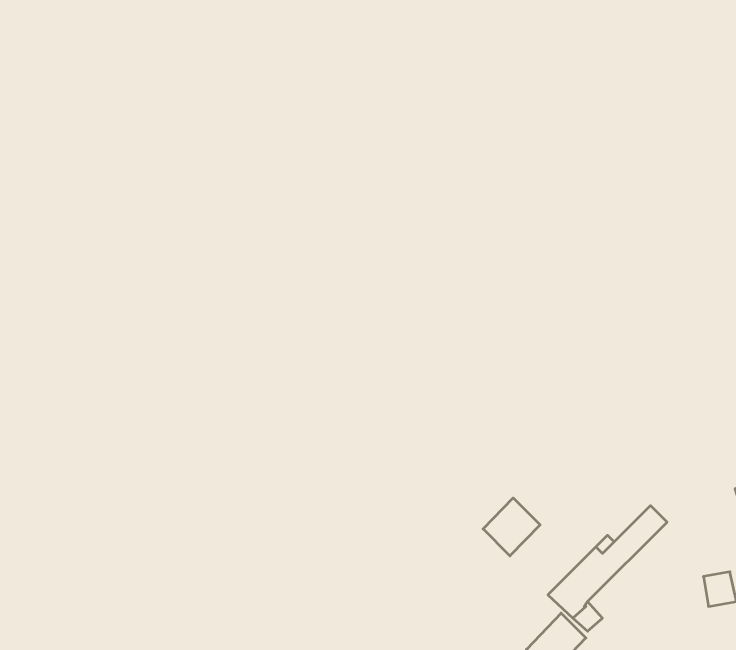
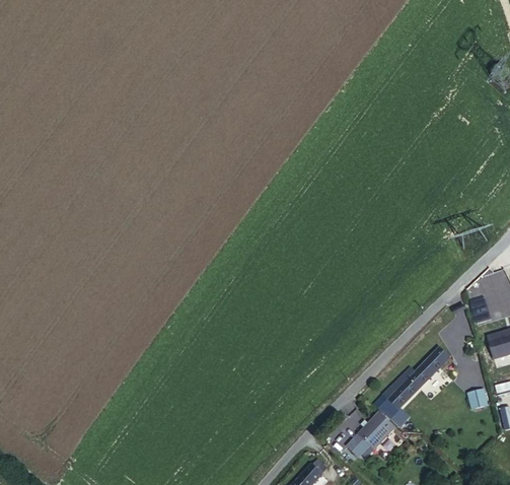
building: [483,498,540,556] -> none

